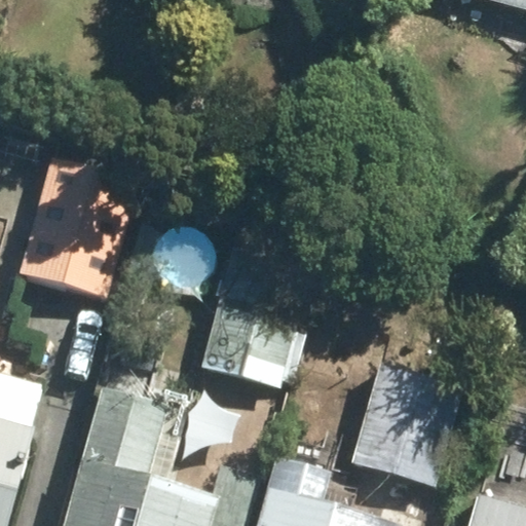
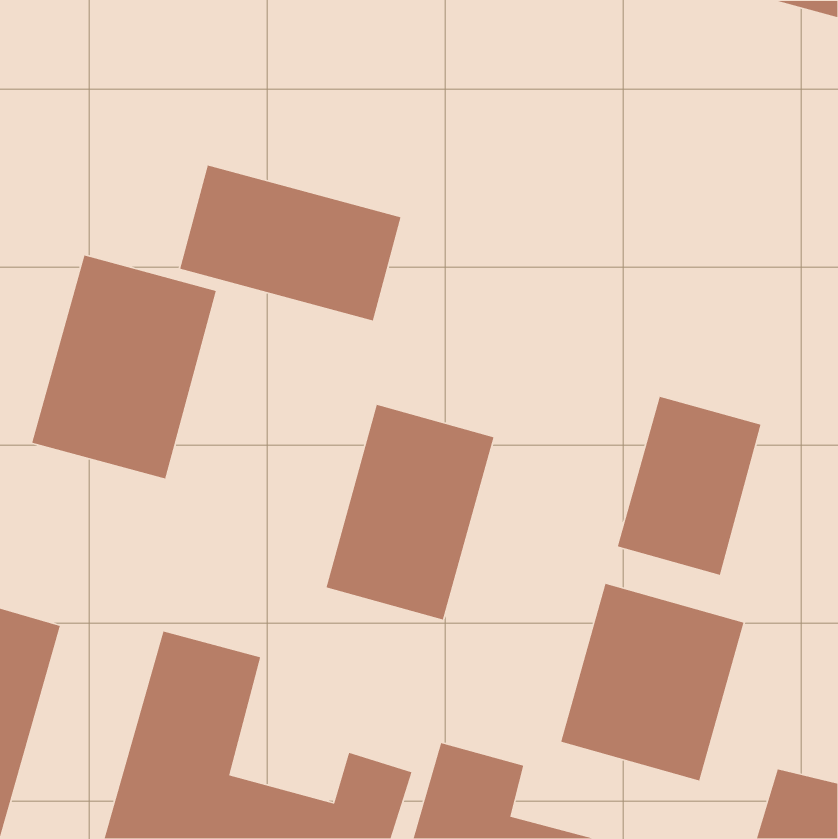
building: none -> [179,165,401,322]
building: none -> [617,396,762,576]

